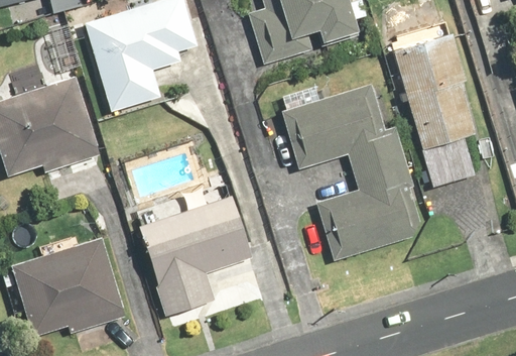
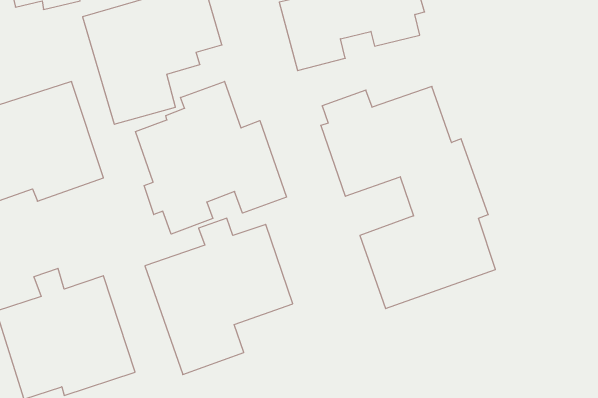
building: [394,33,477,188] -> none
building: none -> [135,81,287,234]

